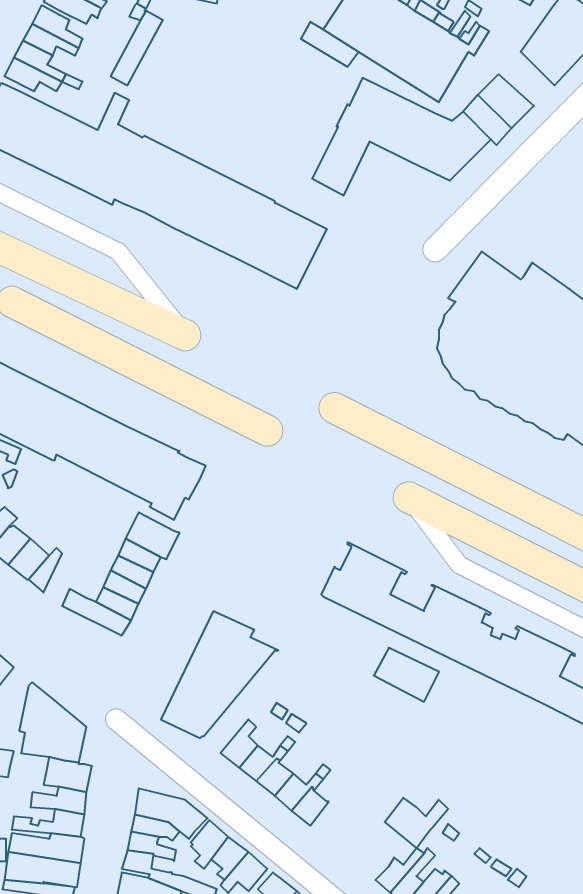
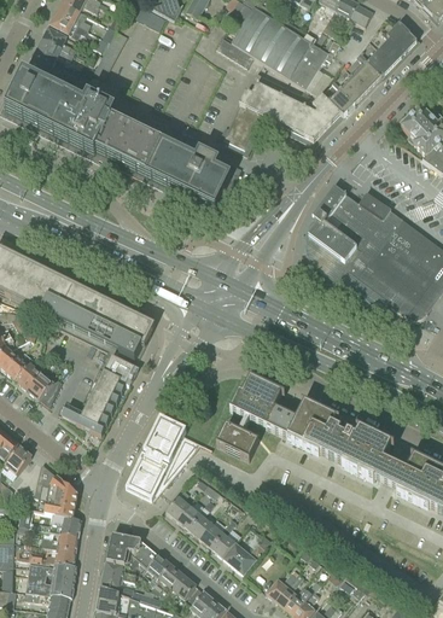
building: none -> [344,56,380,91]
building: [374,648,439,702] -> [216,424,258,459]
building: [385,798,448,848] -> [222,541,263,573]

